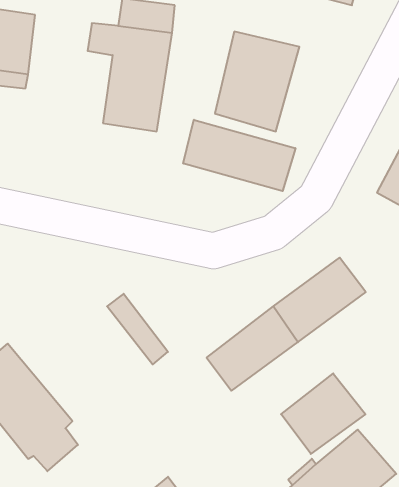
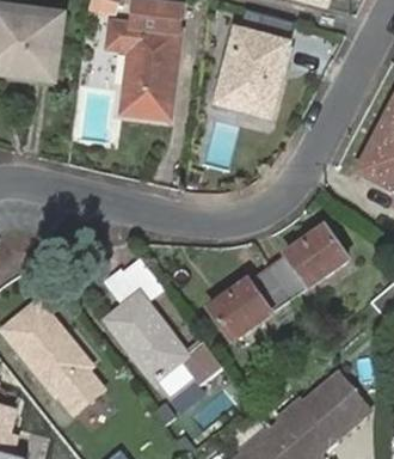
building: [183,120,295,191] -> none
building: none -> [106,293,221,397]
building: [281,373,365,454] -> none

